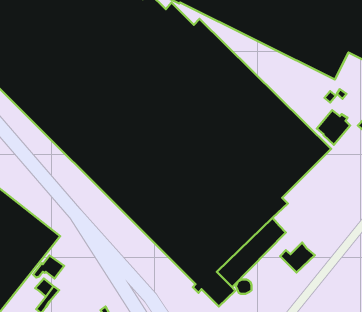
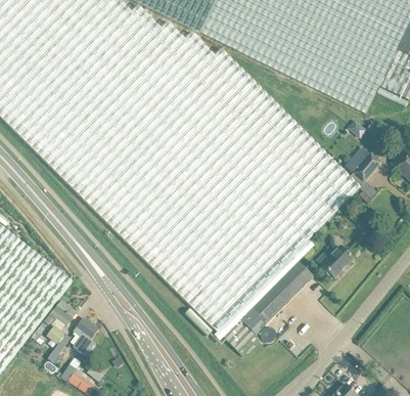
building: [280,243,315,272] -> [317,245,354,276]
building: none -> [73,316,98,355]

